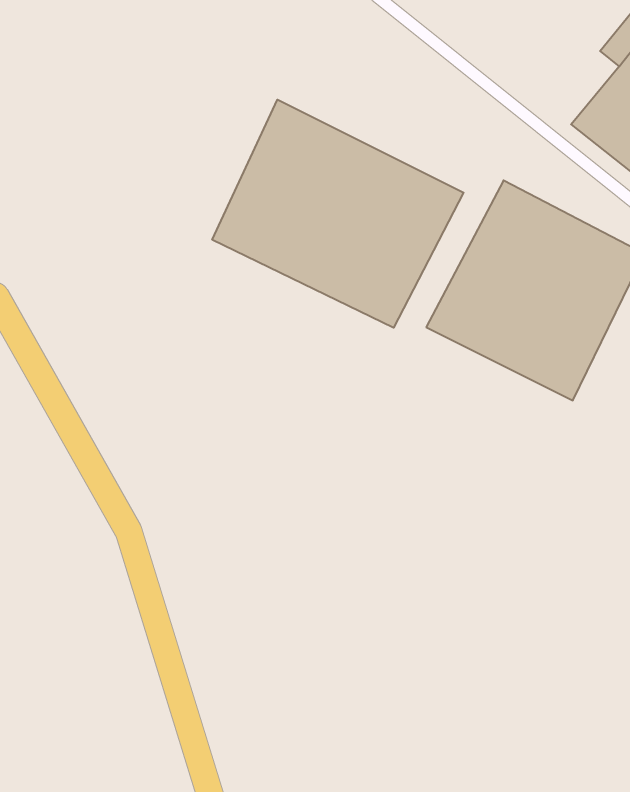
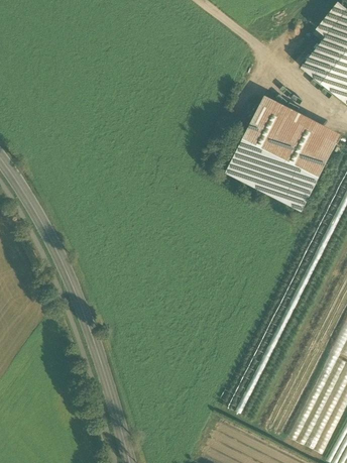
building: [212,100,464,328] -> none

